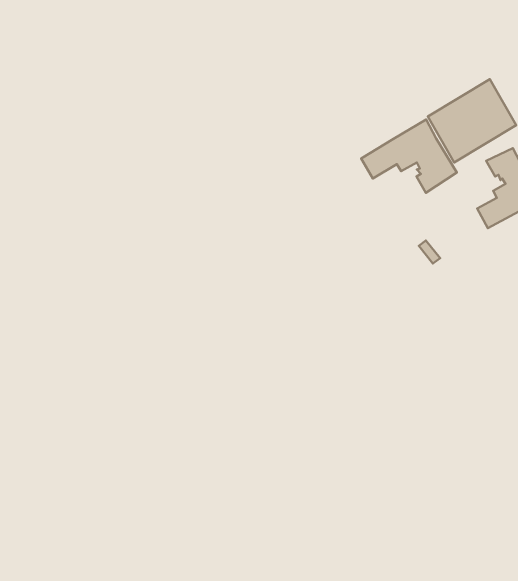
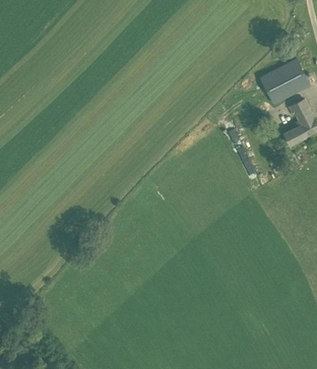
building: [361,119,457,193] -> none

